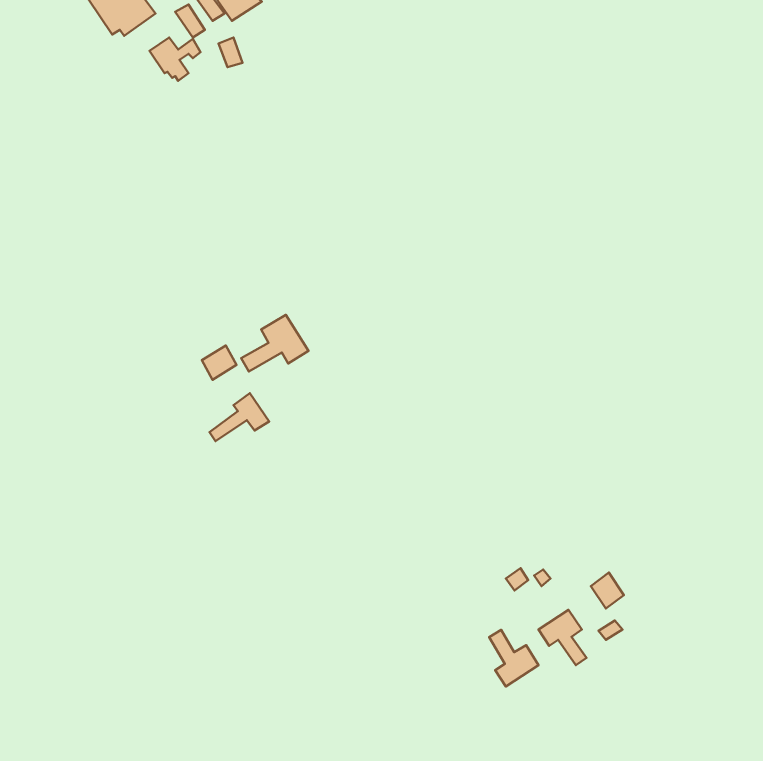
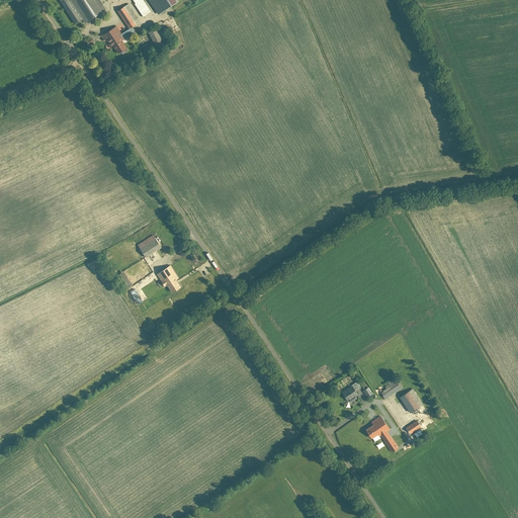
building: [241,315,308,372] -> none
building: [489,630,539,686] -> none

